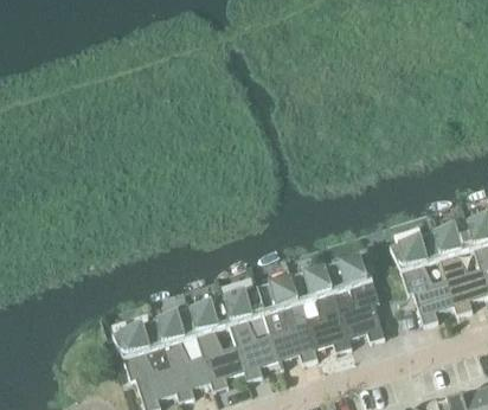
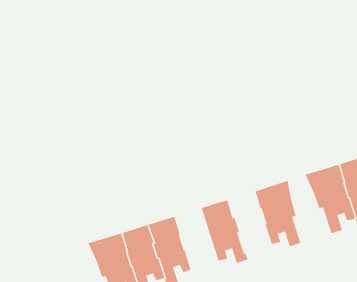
building: [291,269,352,351] -> none
building: [224,290,282,379] -> none

